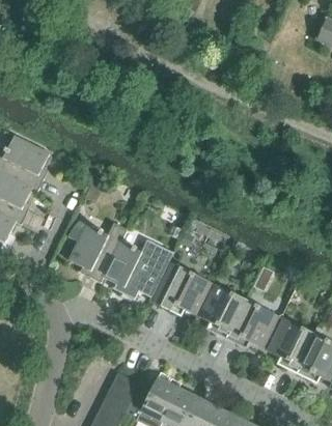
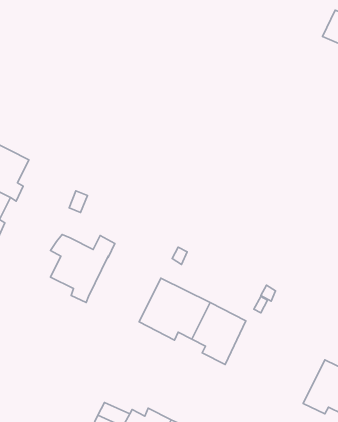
building: [103,238,160,299] -> none
building: [226,299,278,348] -> none
building: [267,317,316,373] -> none

